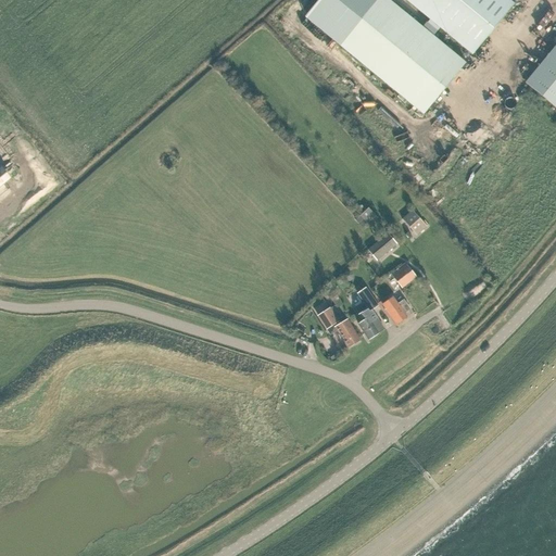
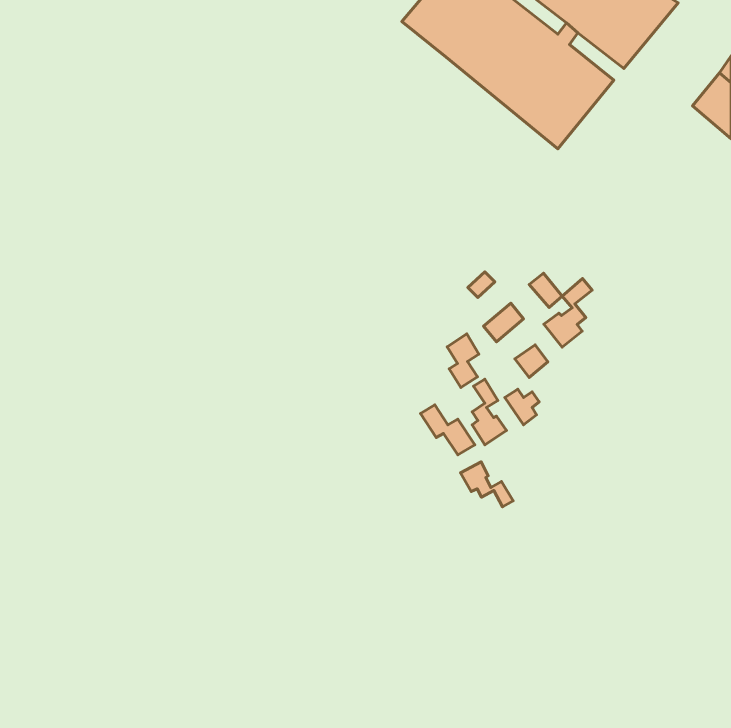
building: none -> [544,278,592,347]
building: none -> [447,334,479,388]
building: none -> [461,462,513,507]

